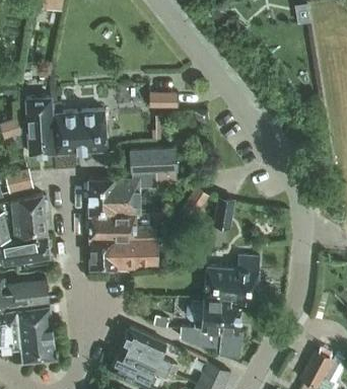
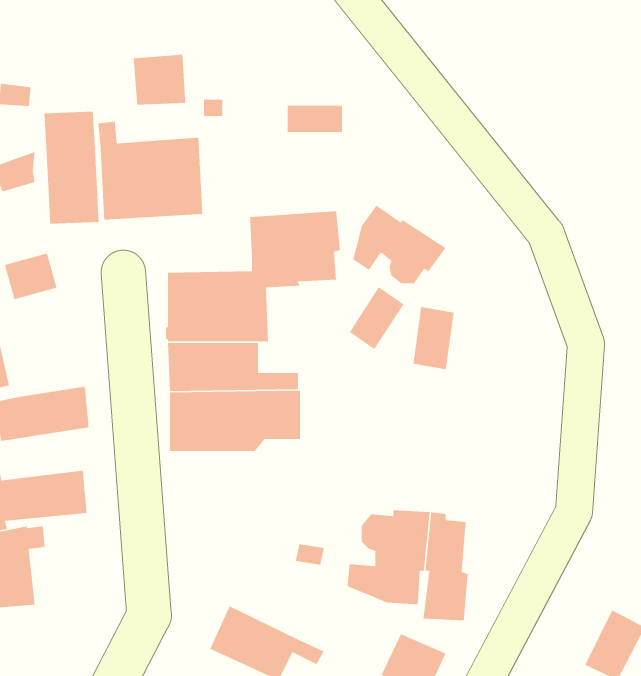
building: none -> [133,54,186,106]
building: none -> [353,204,447,284]
building: [11,196,47,242] -> none
building: [203,258,259,303] -> none
building: [18,305,55,361] -> none
building: [120,327,172,372] -> none

